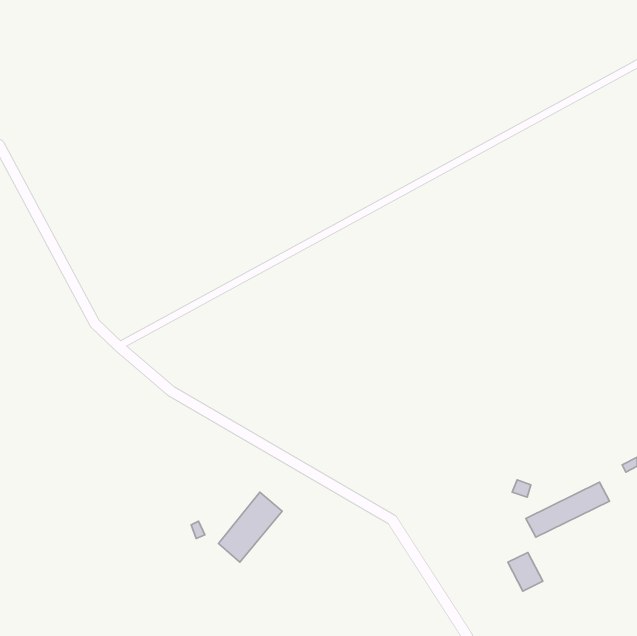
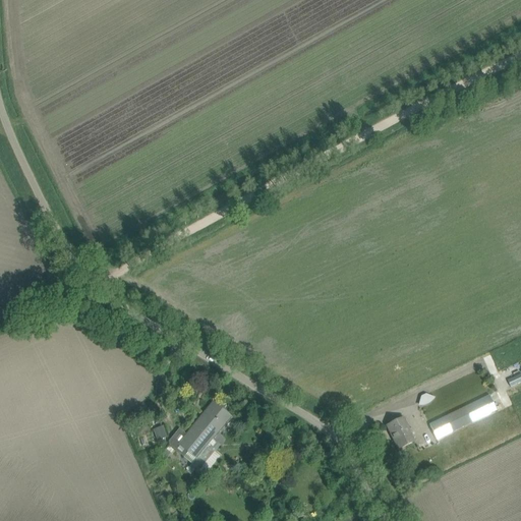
building: [508,552,543,591] -> [386,416,414,448]

